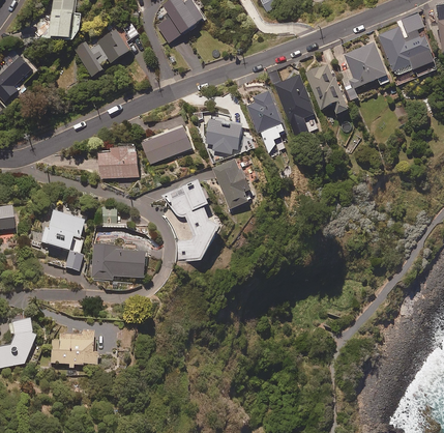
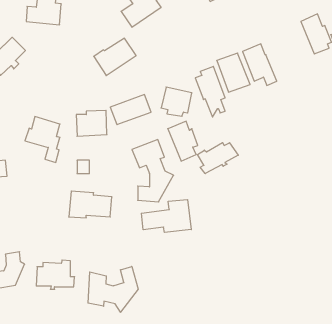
building: [77,28,129,75] -> [94,38,136,76]
building: [343,40,390,100] -> none
building: none -> [197,143,238,174]
building: [39,213,83,270] -> [25,117,60,162]
building: none -> [141,200,191,232]
building: none -> [88,266,138,312]

